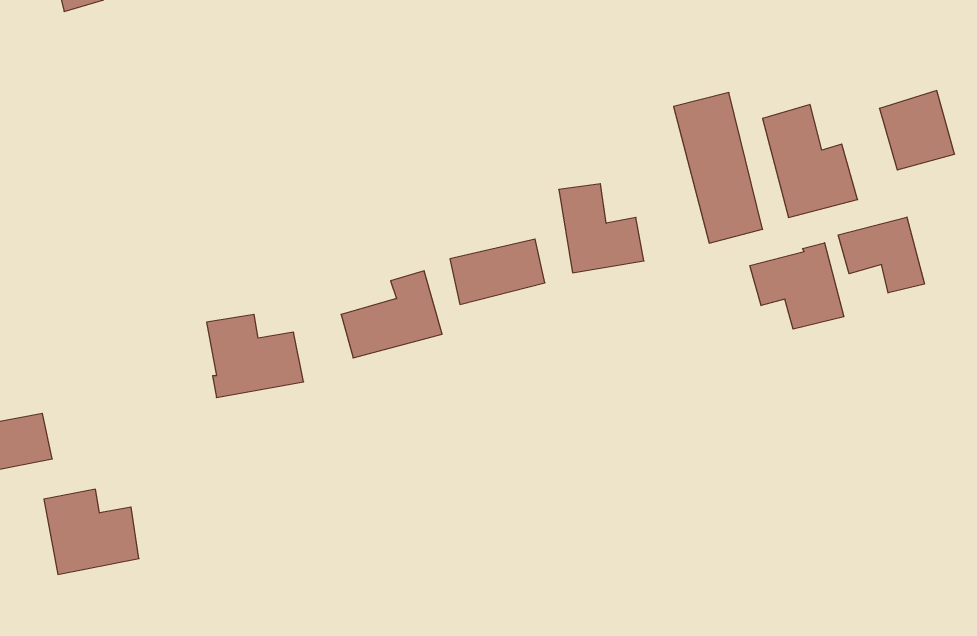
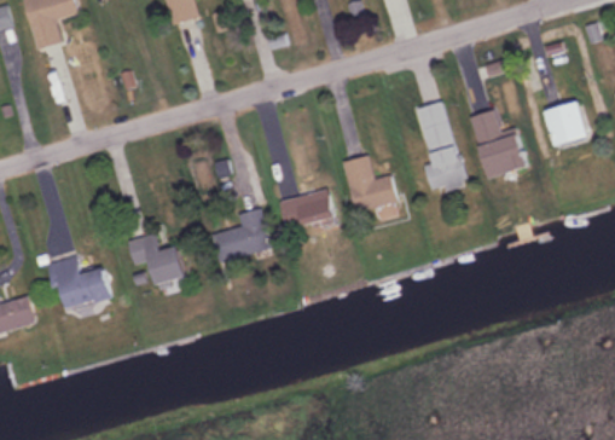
building: [838,217,924,293] -> none
building: [750,243,844,329] -> none
building: [44,489,139,574] -> [47,256,105,308]

